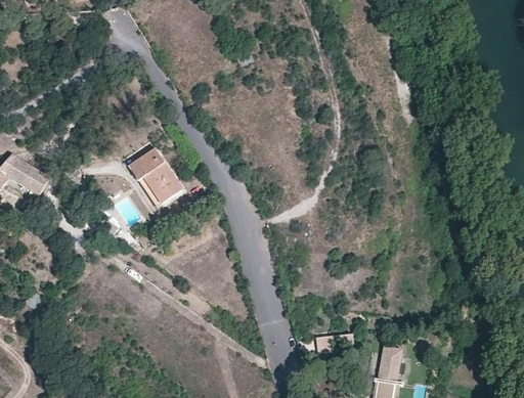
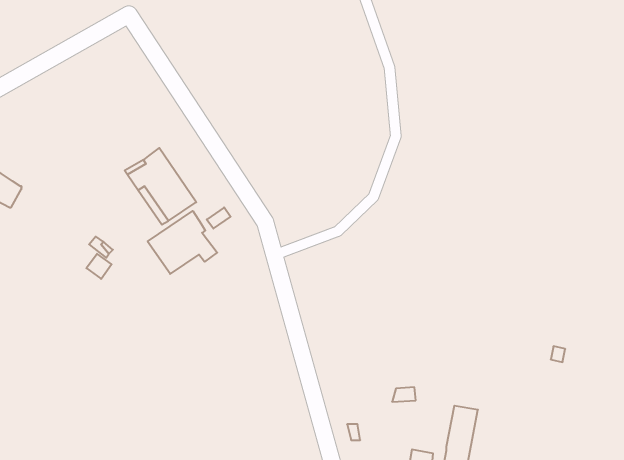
building: none -> [148,211,217,274]

